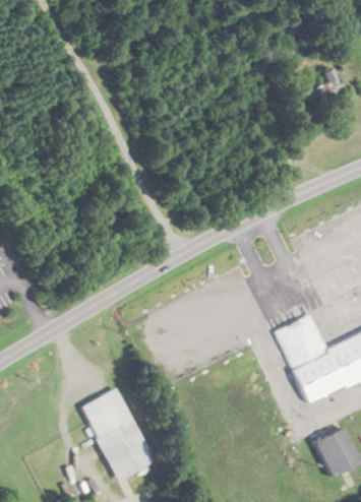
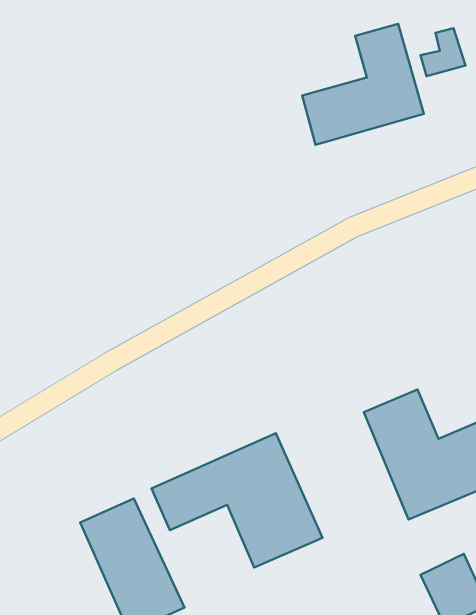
building: none -> [302,24,424,145]
building: none -> [151,433,323,568]

